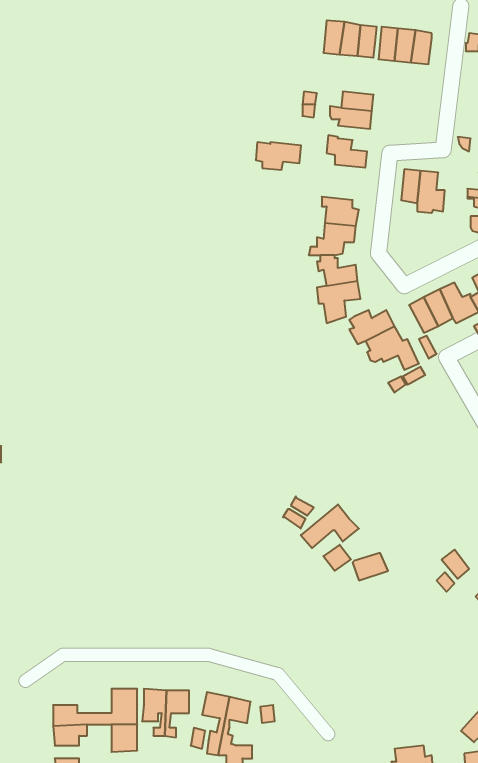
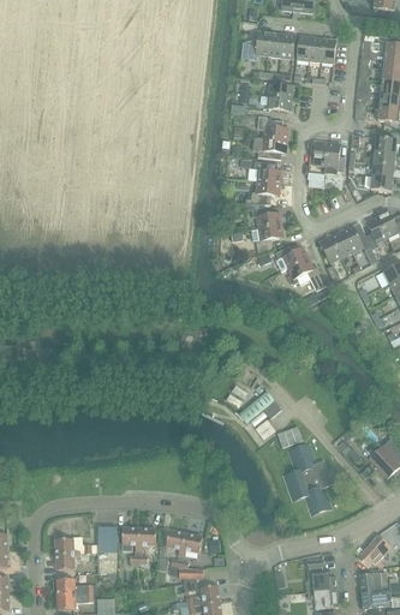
building: [256,142,301,170] -> [252,137,286,157]
building: none -> [282,442,332,515]

